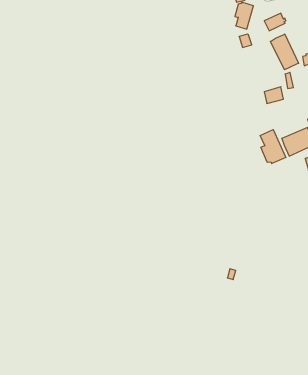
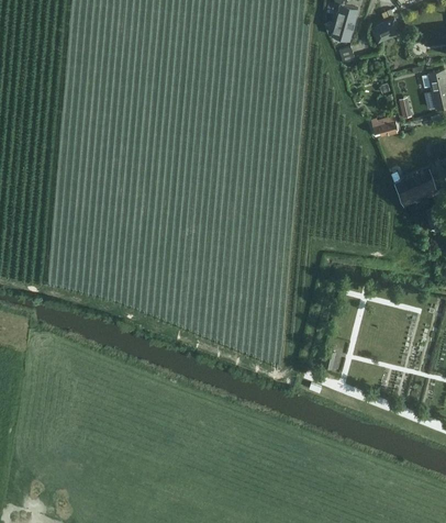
building: [270,34,299,70] -> none
building: [260,130,286,164] -> none

